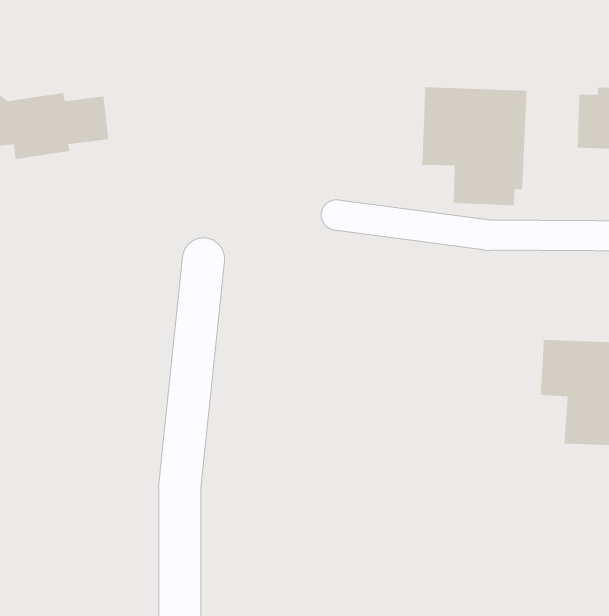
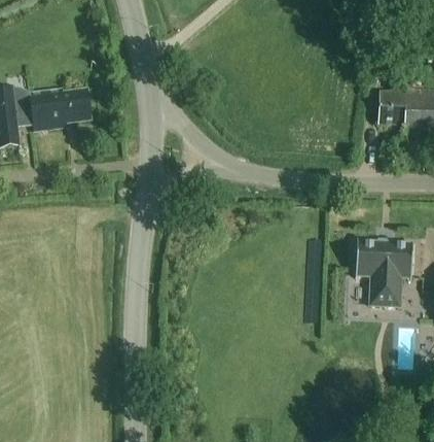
building: [422,86,527,206] -> none

